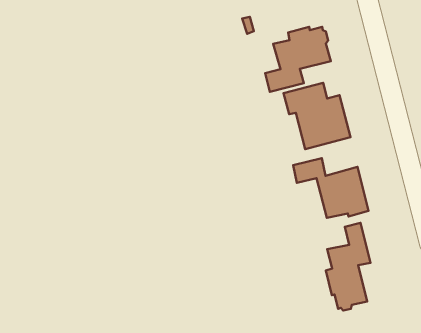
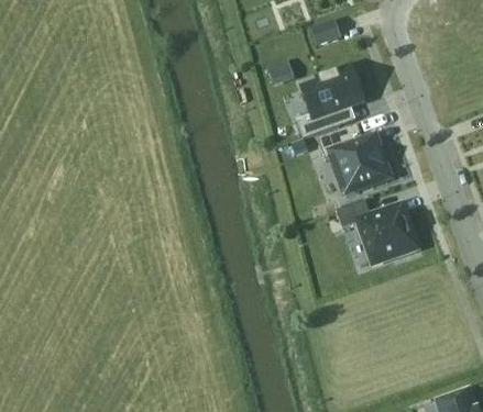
building: [326,223,371,311] -> none

